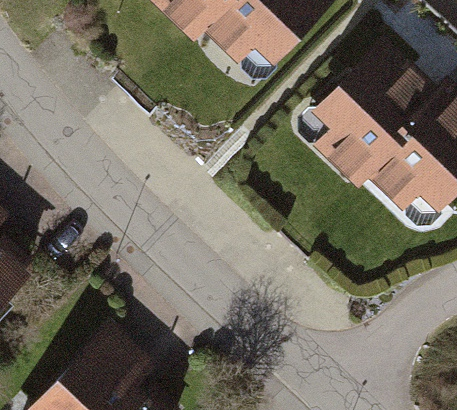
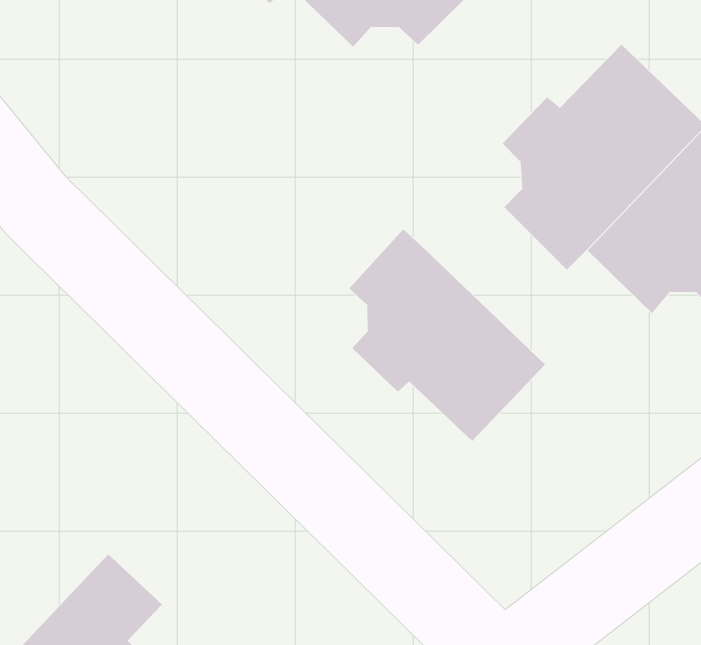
building: none -> [348,229,546,442]

